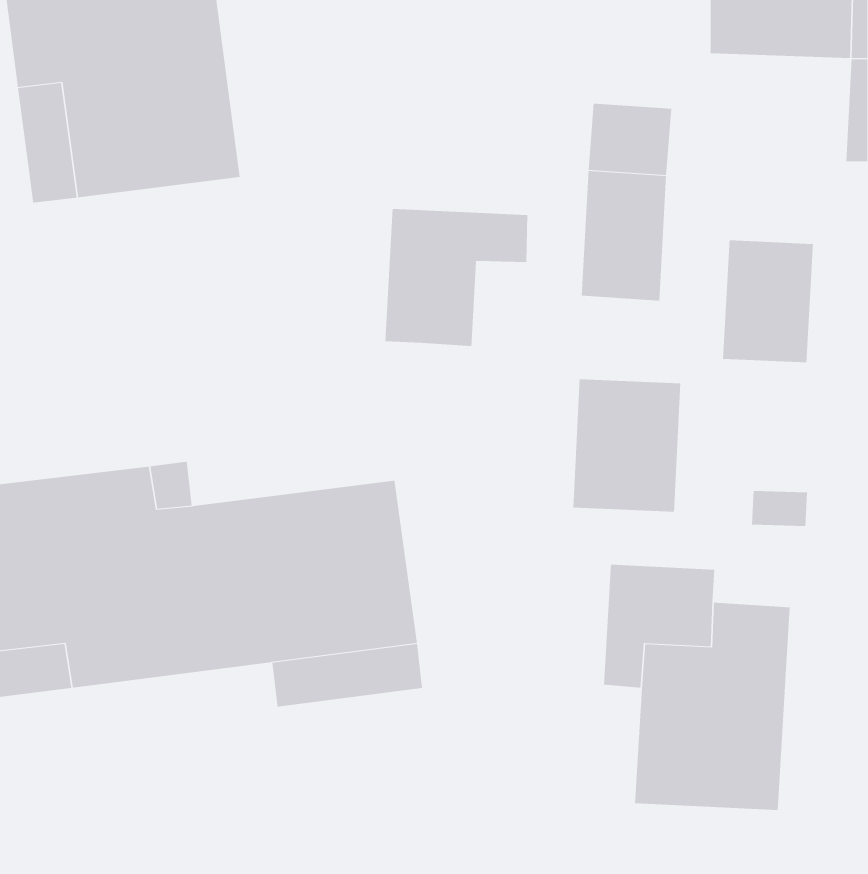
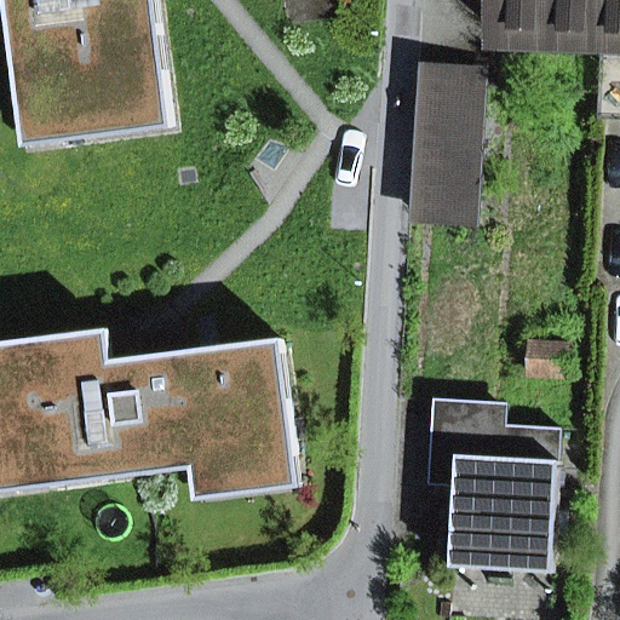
building: [385,208,528,347] -> none
building: [723,240,814,363] -> none
building: [573,379,681,512] -> none

